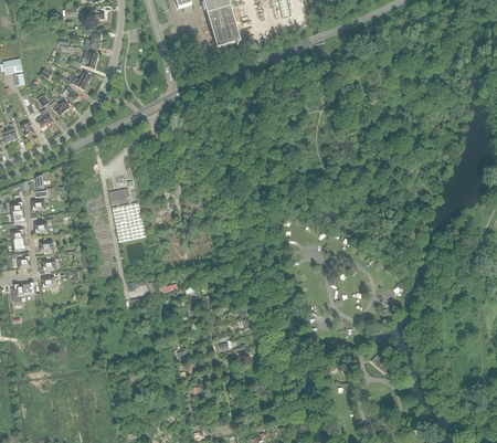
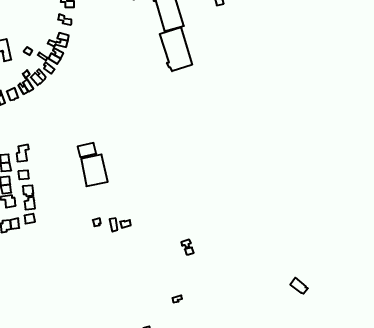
building: none -> [160,27,192,71]

